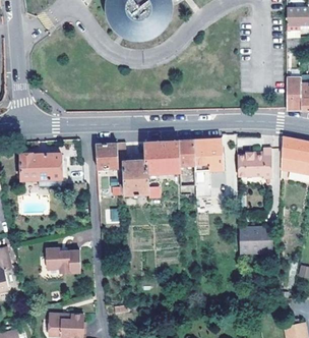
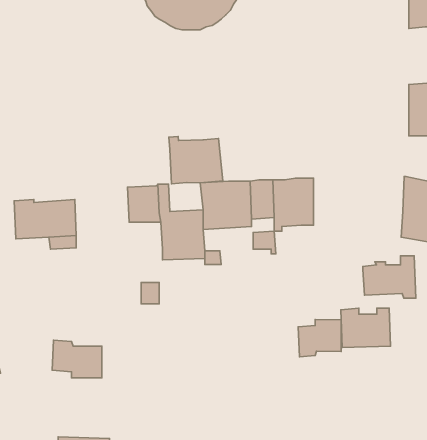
building: none -> [169,136,223,184]
building: [238,148,273,176] -> [363,256,416,298]
building: none -> [298,319,341,357]

